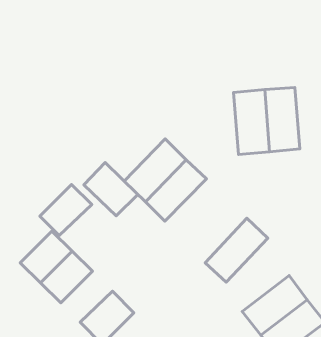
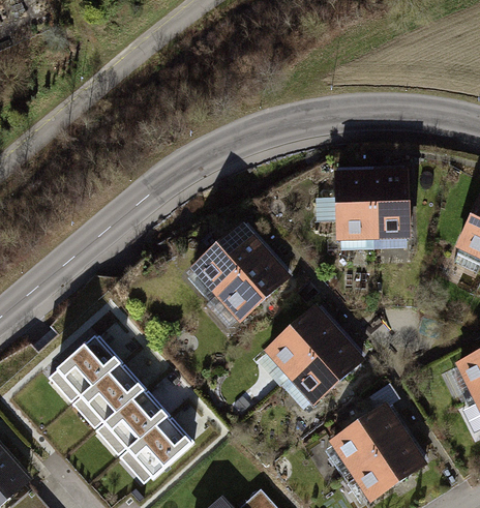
building: [84,163,138,216] -> none
building: [40,184,92,235] -> [98,384,164,447]
building: none -> [258,302,339,383]

